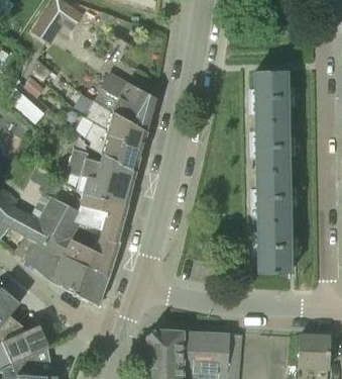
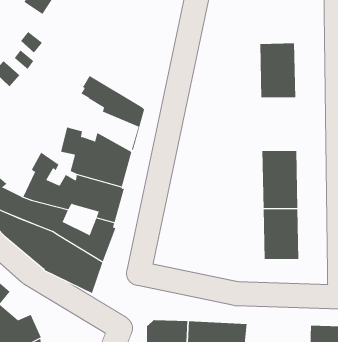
building: [94,73,154,131] -> none
building: [85,122,139,173] -> none
building: [254,122,289,172] -> none

